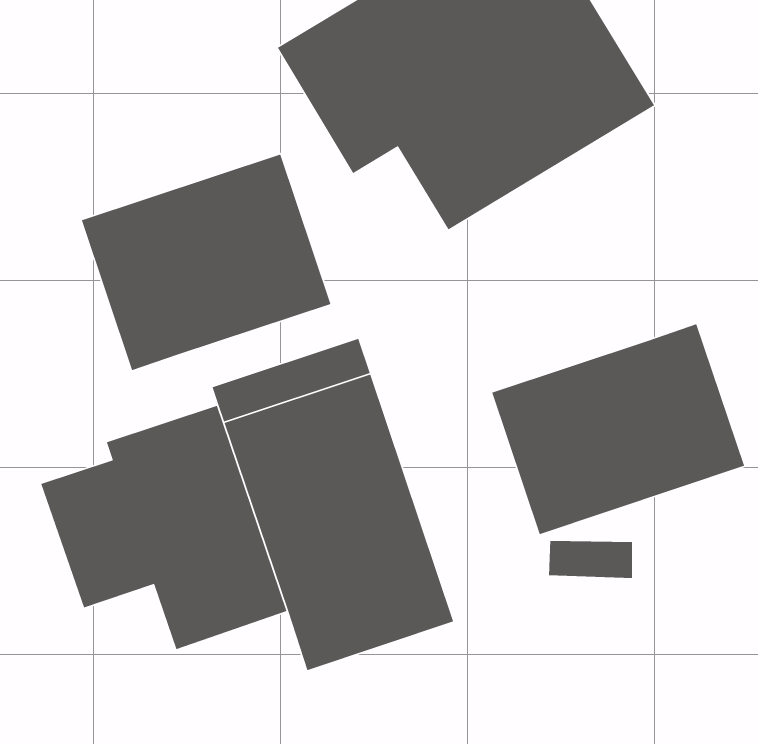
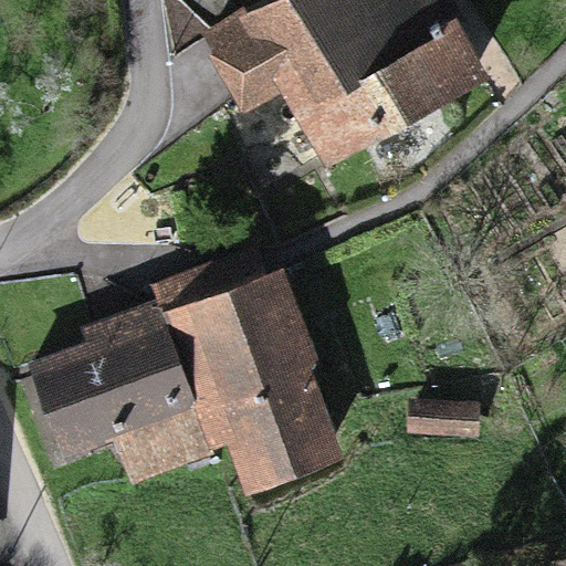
building: [81,153,332,371] -> none
building: [491,323,745,535] -> none

